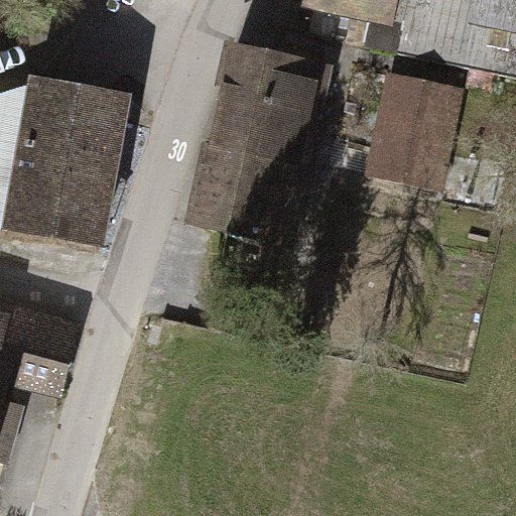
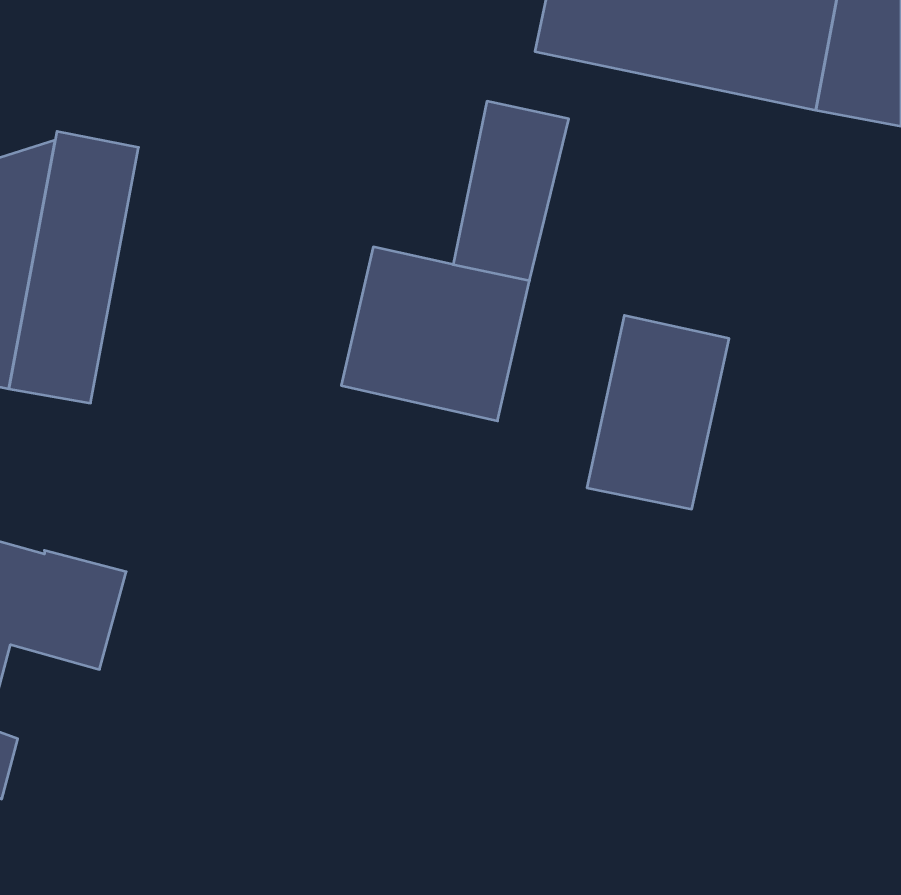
building: [212,48,276,150] -> none
building: [369,72,449,181] -> [587,315,729,509]
building: [51,84,121,237] -> none

